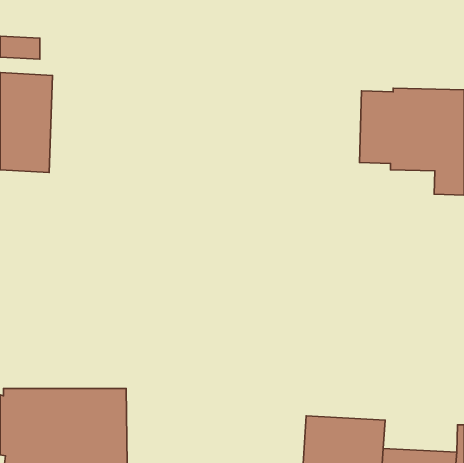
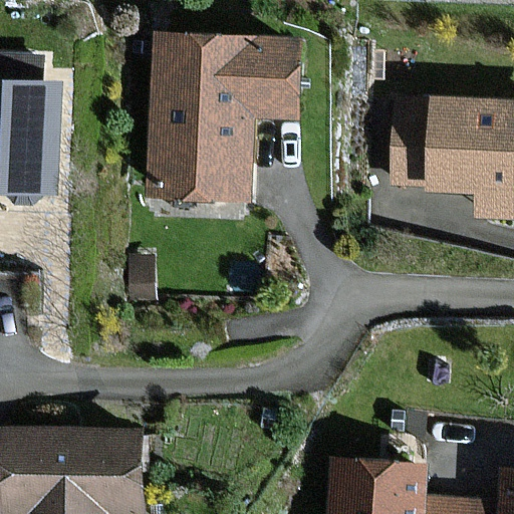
building: none -> [154,34,298,198]

